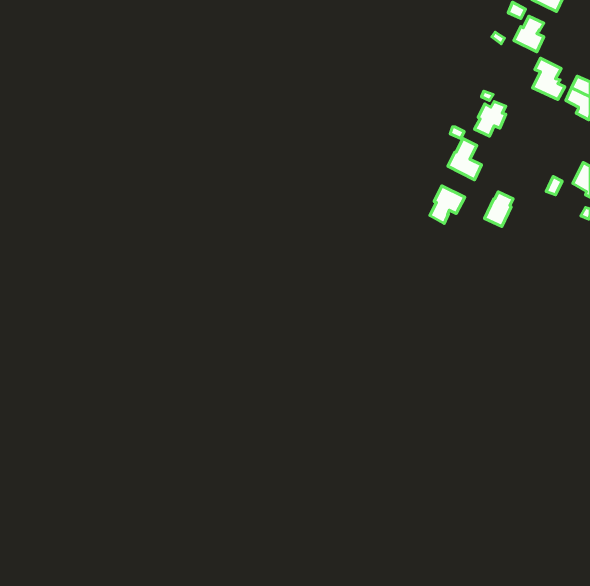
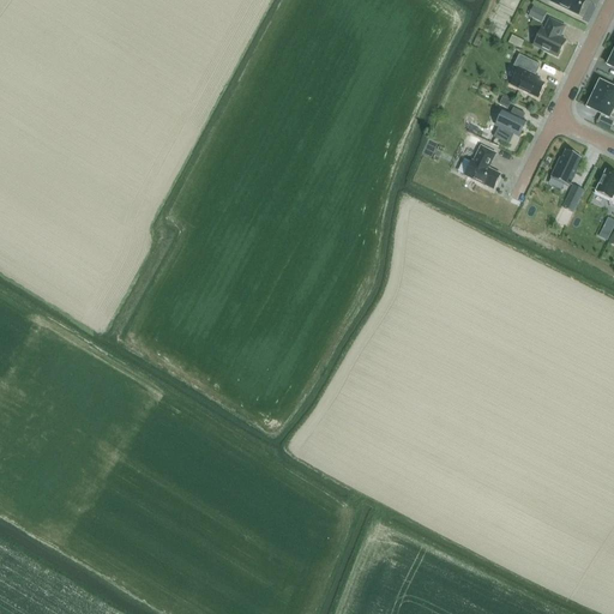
building: [532,58,565,100] -> [511,52,544,95]
building: [430,186,465,223] -> none
building: [484,192,513,226] -> [553,149,583,185]

